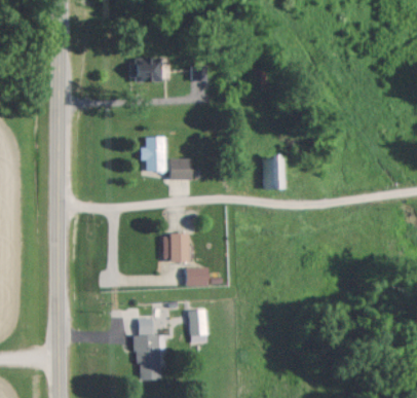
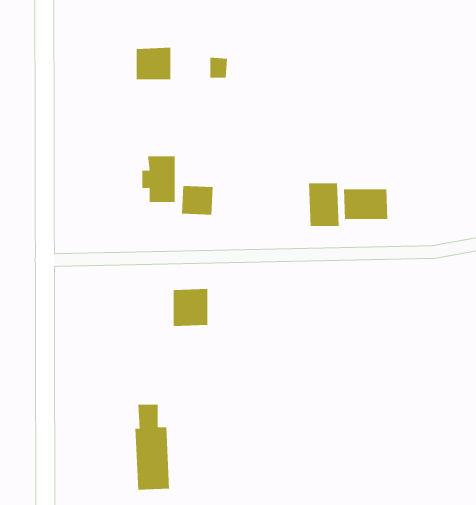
building: none -> [343,189,388,220]
building: [186,266,210,285] -> none
building: [188,310,206,335] -> none

